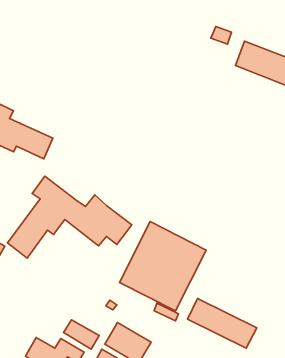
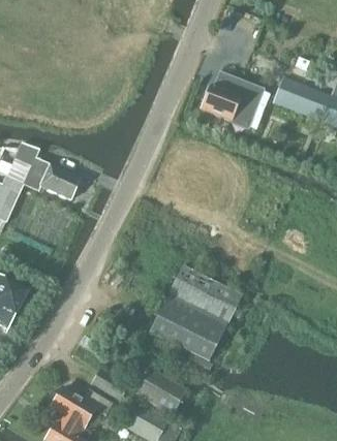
building: none -> [201,72,264,130]
building: [8,176,132,258] -> none
building: [188,298,257,348] -> none

